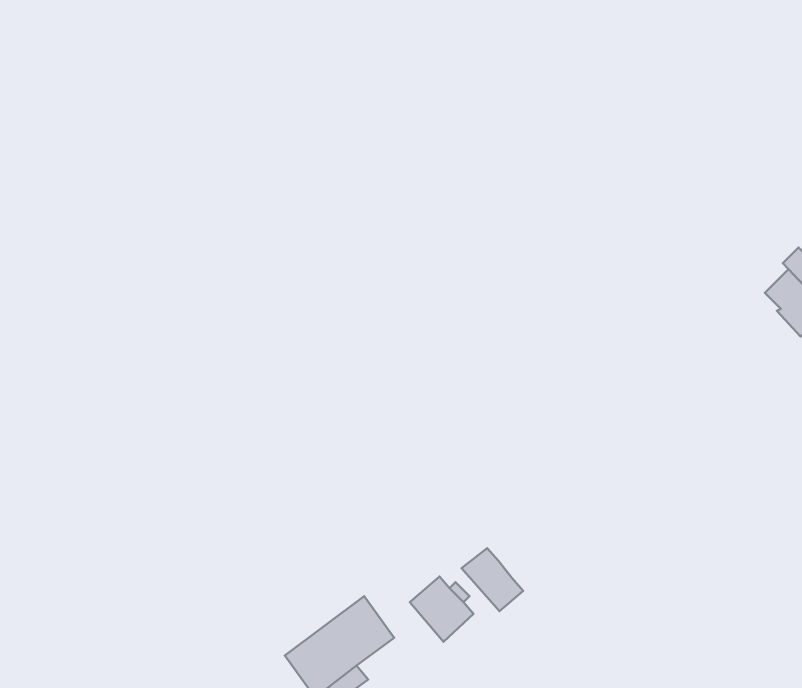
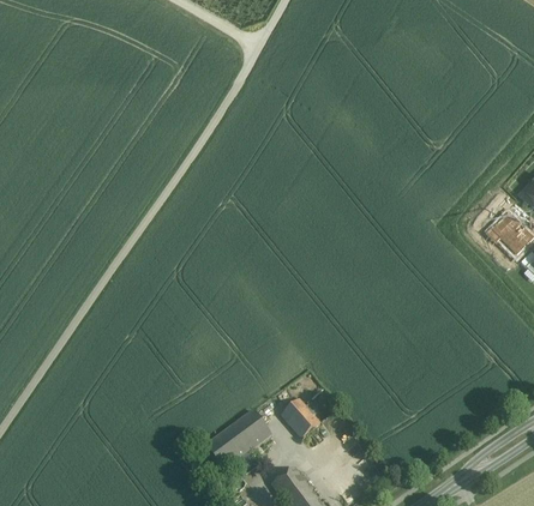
building: [462,548,523,611] -> none

